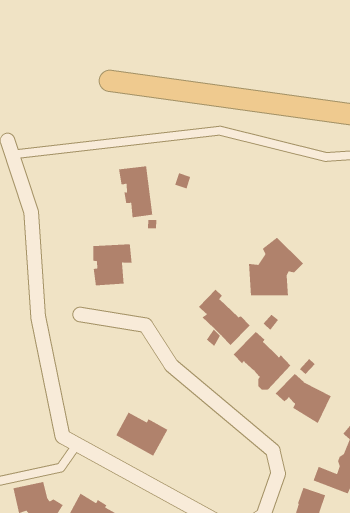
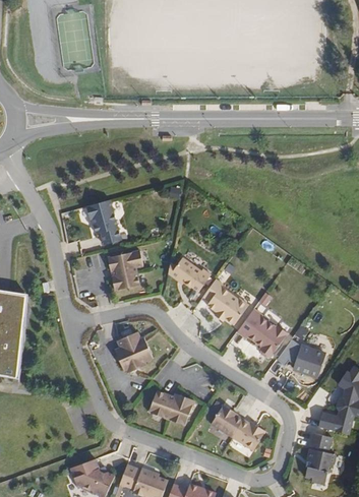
building: [118,166,153,218] -> [85,200,120,246]
building: [248,237,304,296] -> none
building: none -> [171,255,213,290]
building: none -> [116,332,153,371]
building: none -> [212,405,265,449]

